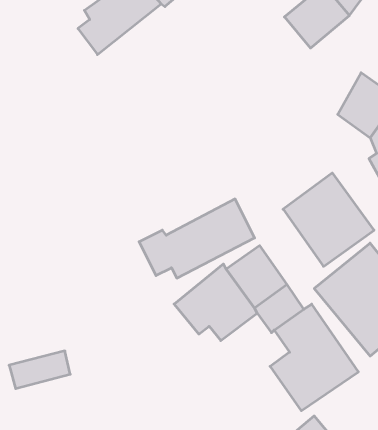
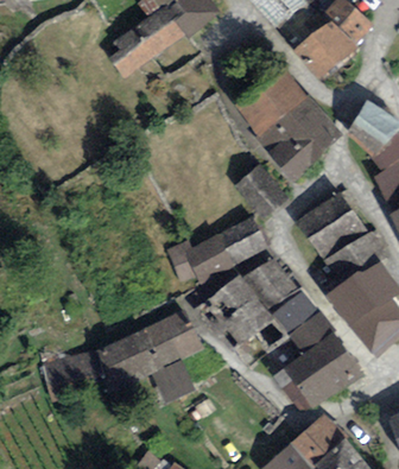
building: none -> [227,61,340,184]
building: none -> [235,165,289,220]
building: none -> [100,309,204,401]

